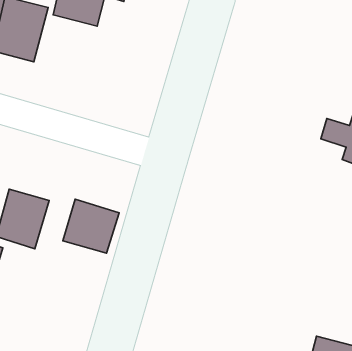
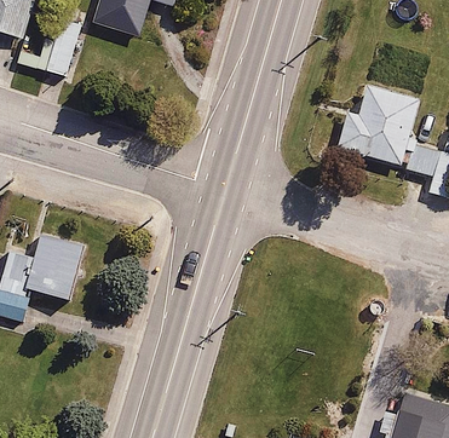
building: none -> [336,80,418,162]
building: [63,199,119,253] -> none

